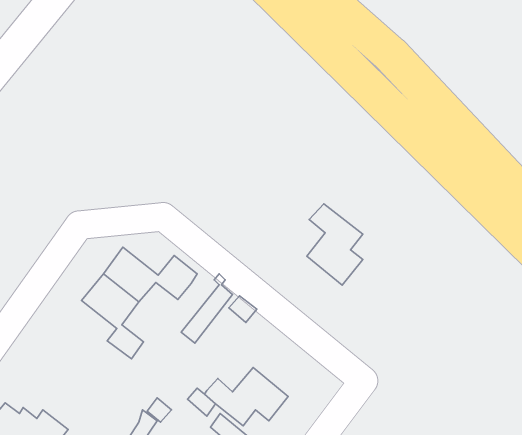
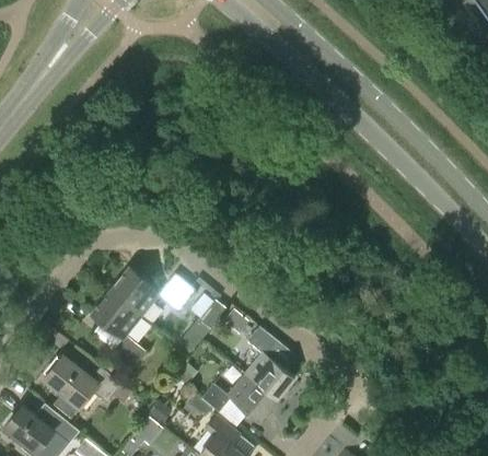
building: [307,204,363,285] -> [245,327,295,400]
building: none -> [44,355,131,407]

